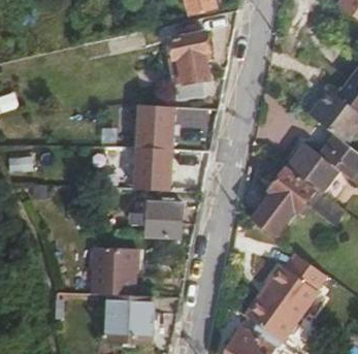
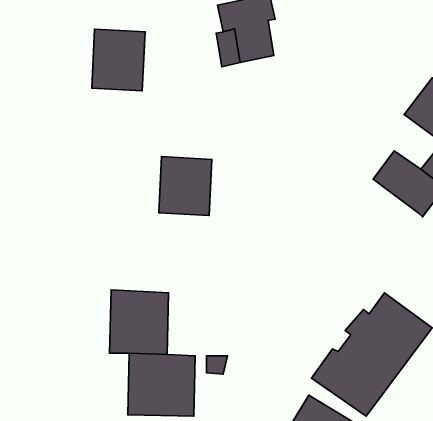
building: [131,106,170,152] -> [92,29,145,91]
building: [253,166,320,237] -> none
building: [132,202,184,236] -> none

